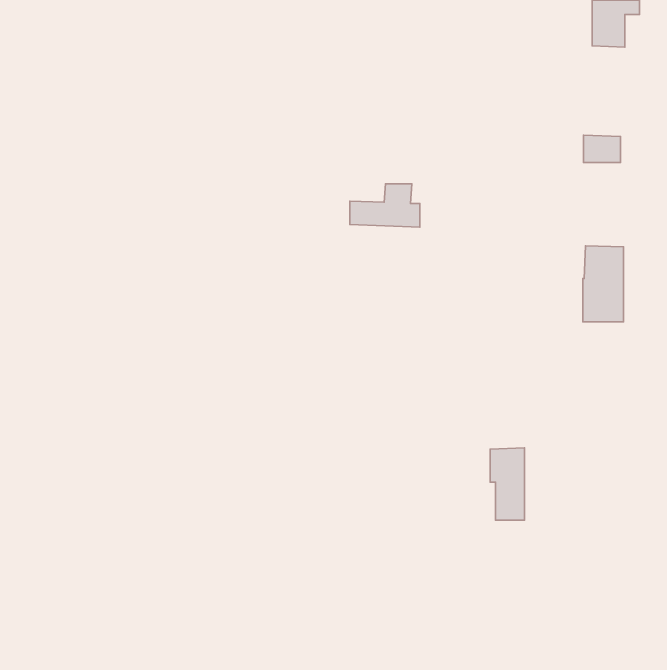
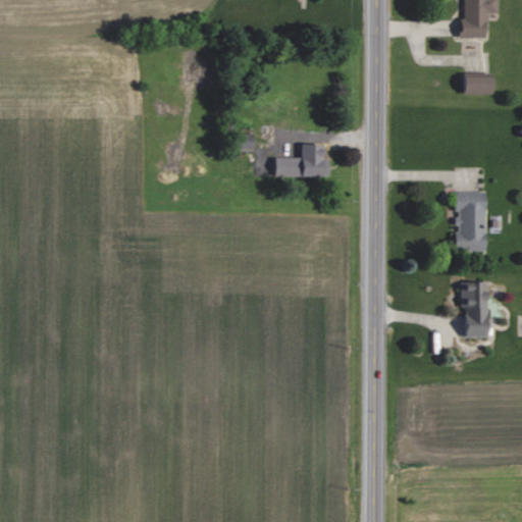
building: [584,135,620,163] -> [465,72,493,94]
building: [490,448,524,520] -> [462,281,488,337]

